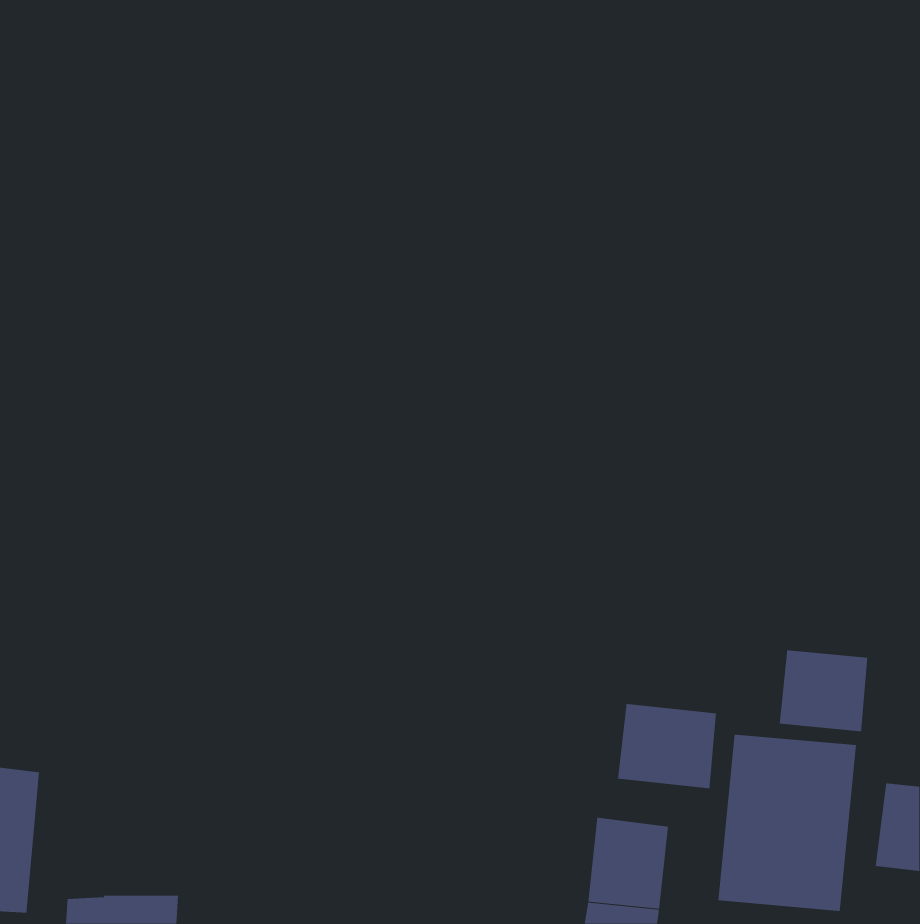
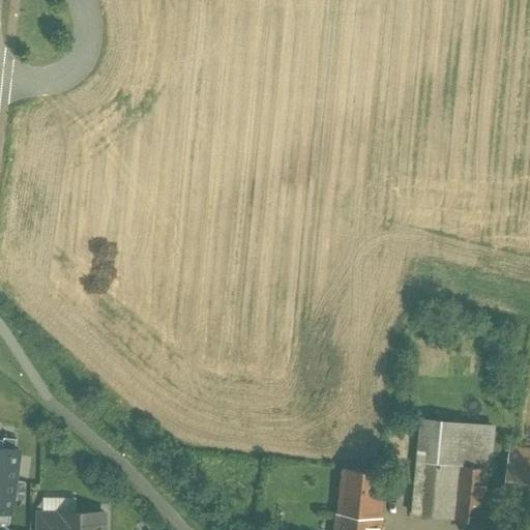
building: [779,650,868,732] -> none
building: [617,703,717,789] -> none

